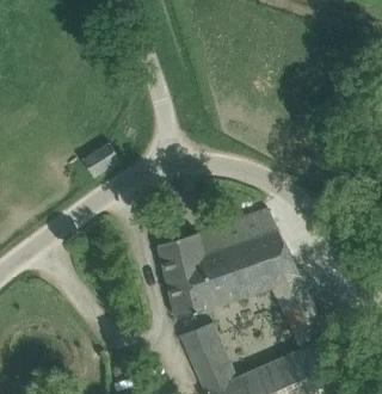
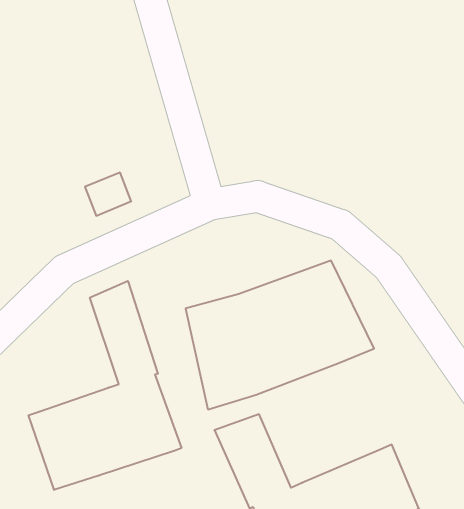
building: none -> [29,281,181,490]

